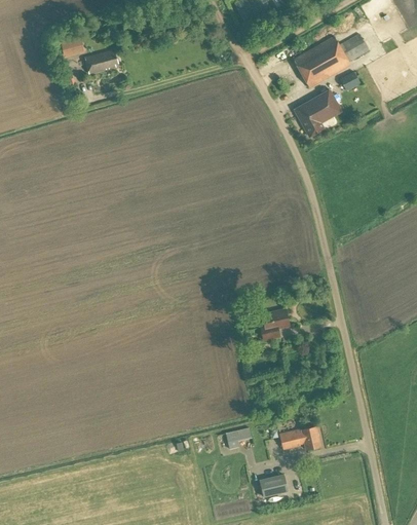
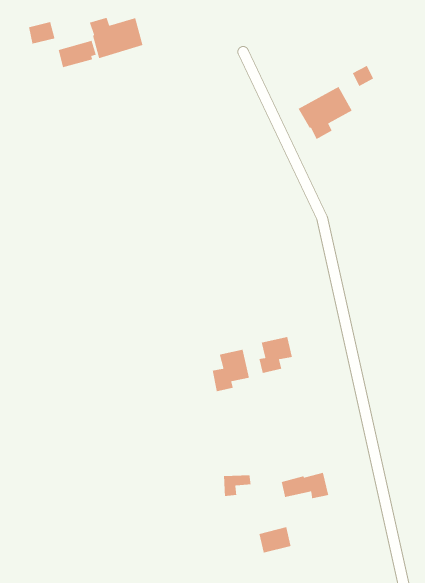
building: none -> [89,17,144,59]
building: [294,34,369,88] -> none
building: none -> [212,349,250,392]

